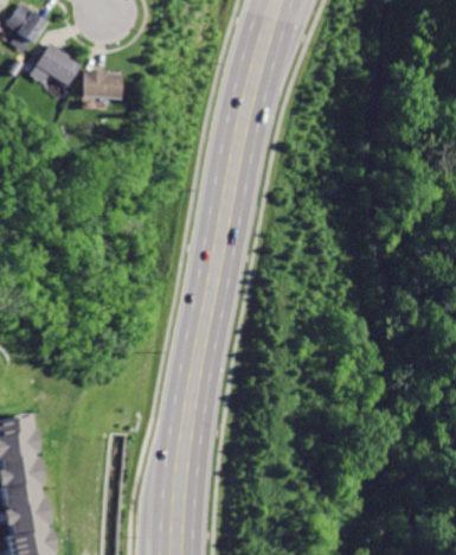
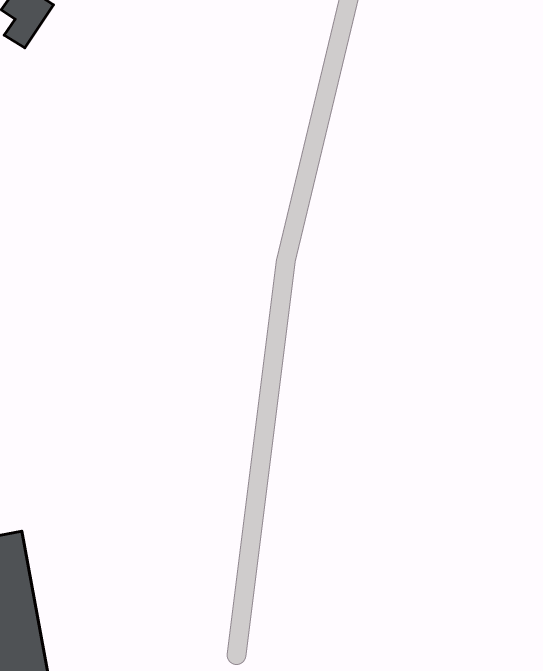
building: [32,45,84,88] -> none
building: [85,72,120,98] -> none

